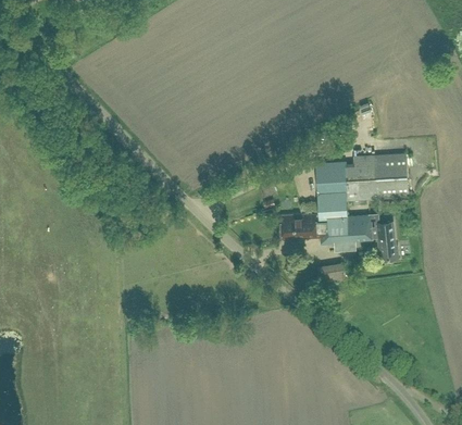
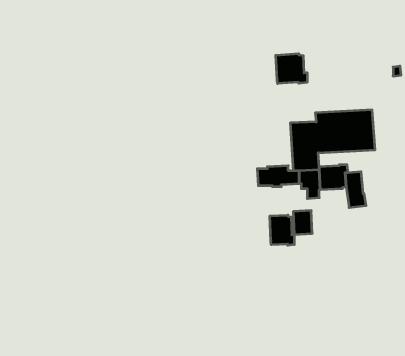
building: none -> [276,54,307,84]
building: none -> [270,215,294,245]

